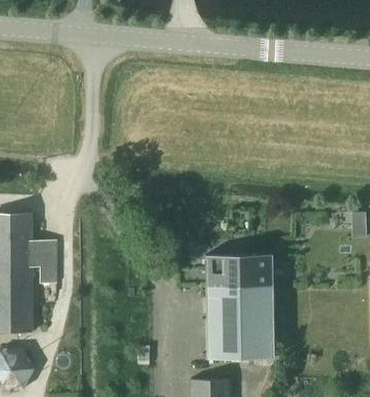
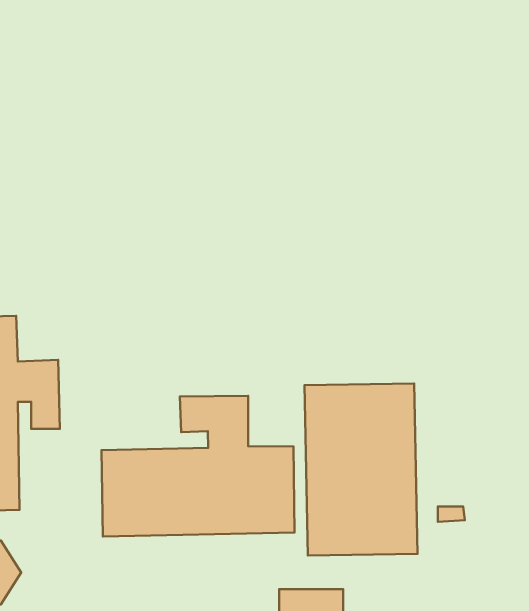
building: none -> [101,396,295,536]

